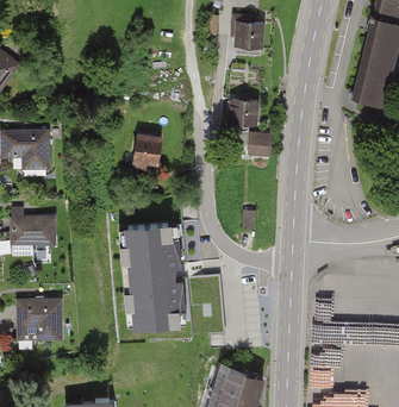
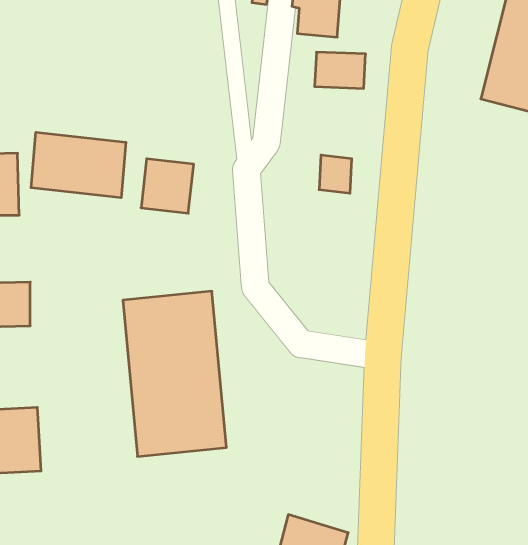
building: [226,99,260,123] -> [315,52,366,88]
building: none -> [31,132,126,198]

